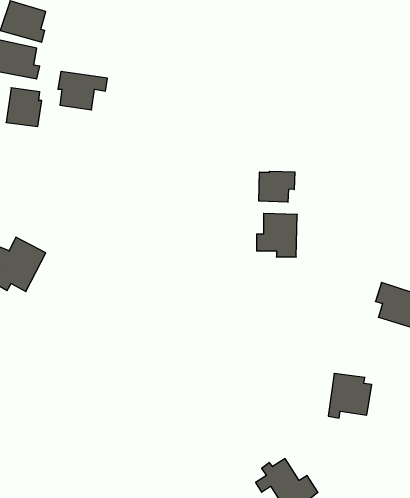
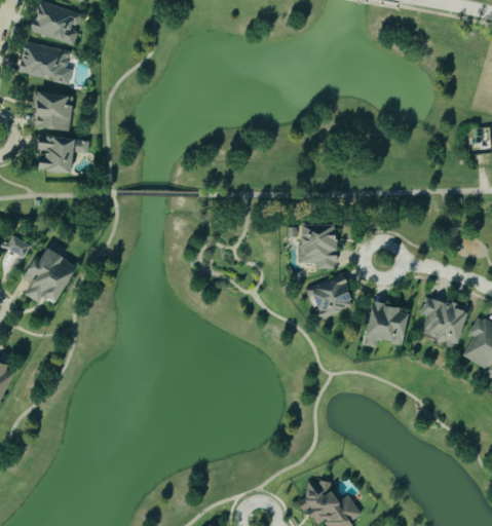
building: [58,71,107,110] -> [37,135,88,175]
building: [259,171,295,202] -> none
building: none -> [313,272,353,313]
building: [328,374,372,418] -> [364,301,409,347]

